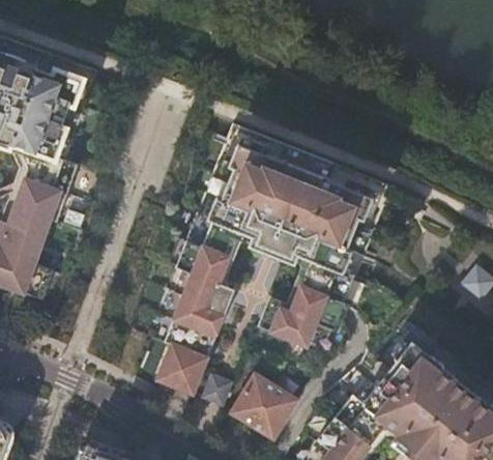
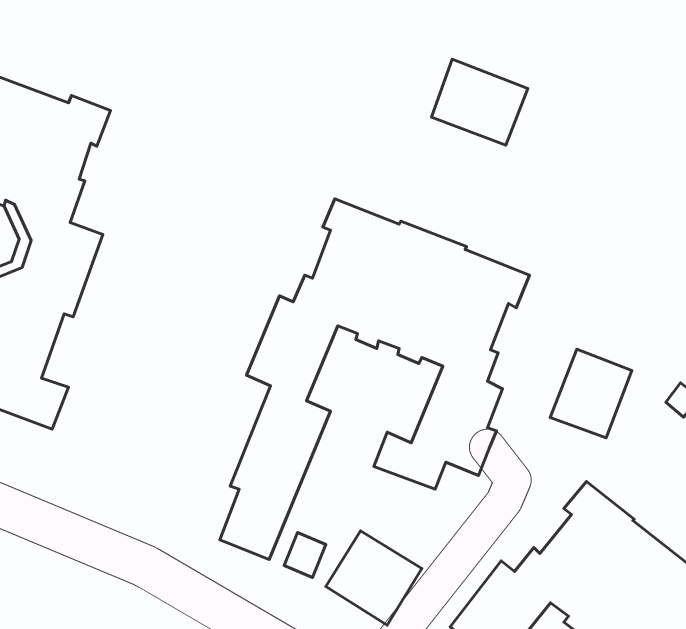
building: none -> [432,59,528,145]
building: none -> [550,349,632,438]

